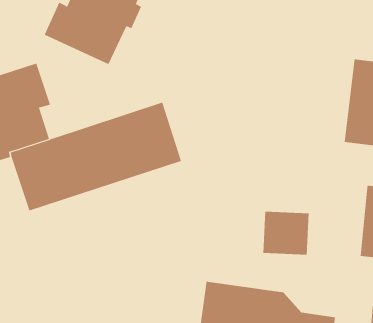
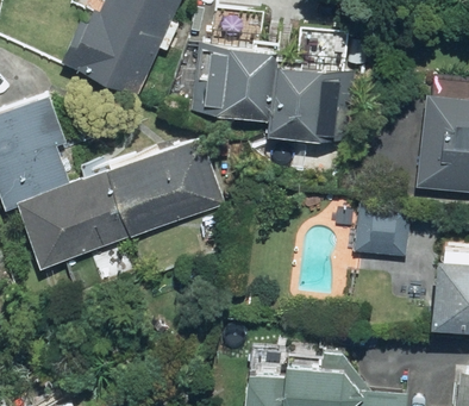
building: none -> [188,37,343,146]
building: [262,211,309,255] -> [352,210,408,262]

